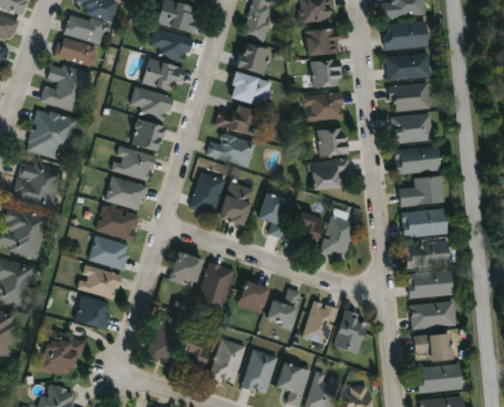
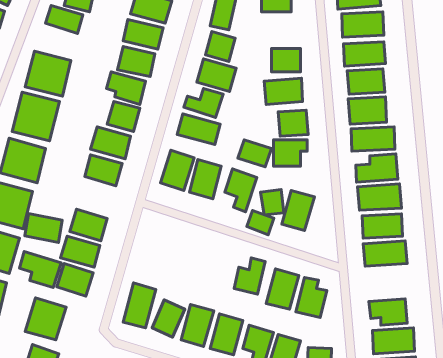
building: [304,28,337,56] -> none
building: [53,37,96,67] -> none
building: none -> [238,140,271,167]
building: [97,207,137,239] -> [25,214,62,243]
building: [170,252,202,285] -> none
building: [196,262,233,307] -> none
building: [241,280,270,307] -> [247,211,274,235]
building: none -> [19,252,61,288]
building: [411,301,456,329] -> none

